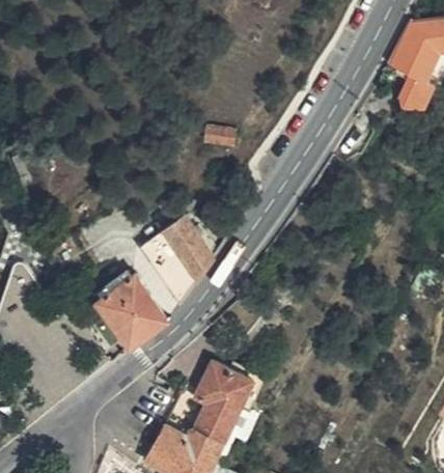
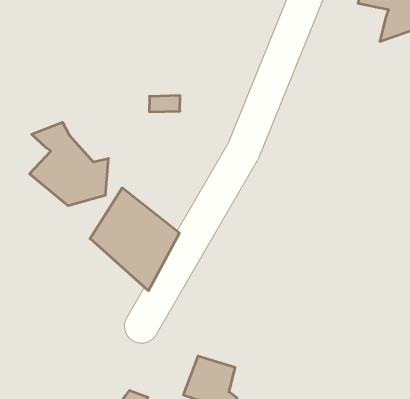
building: none -> [30,122,108,206]
building: [99,278,165,345] -> none

